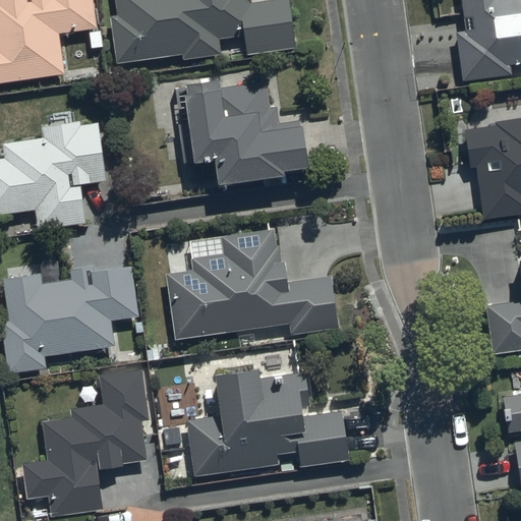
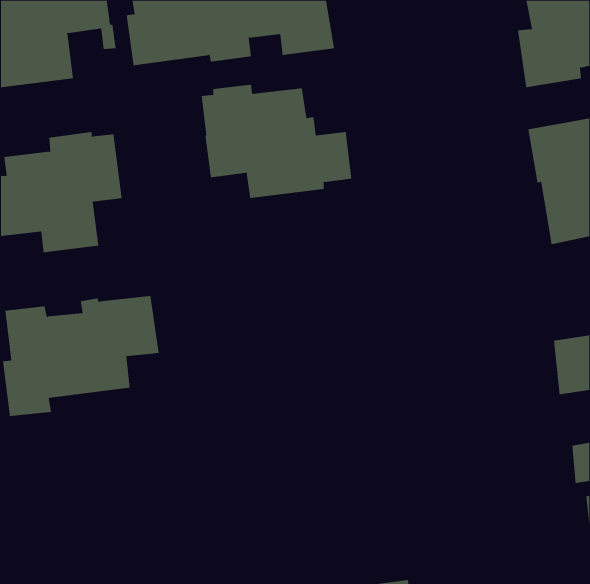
building: [166,229,340,340] -> none
building: [187,362,350,475] -> none
building: [22,369,151,516] -> none

